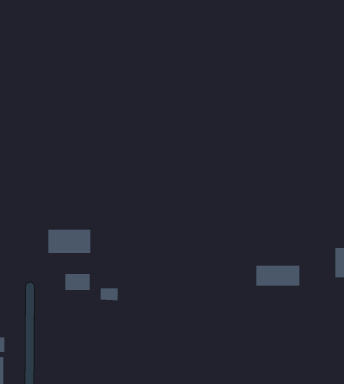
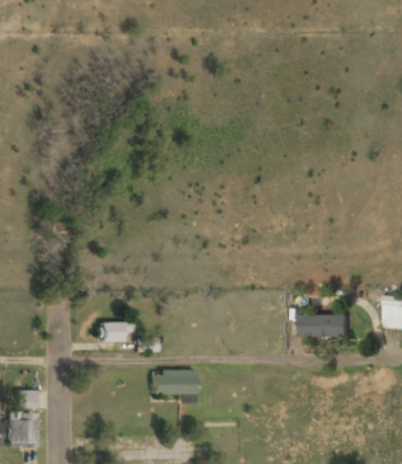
building: [48,229,91,254] -> none
building: none -> [154,371,194,396]

